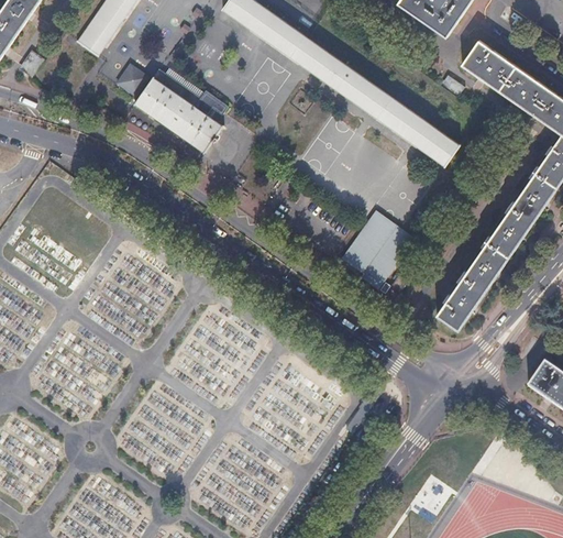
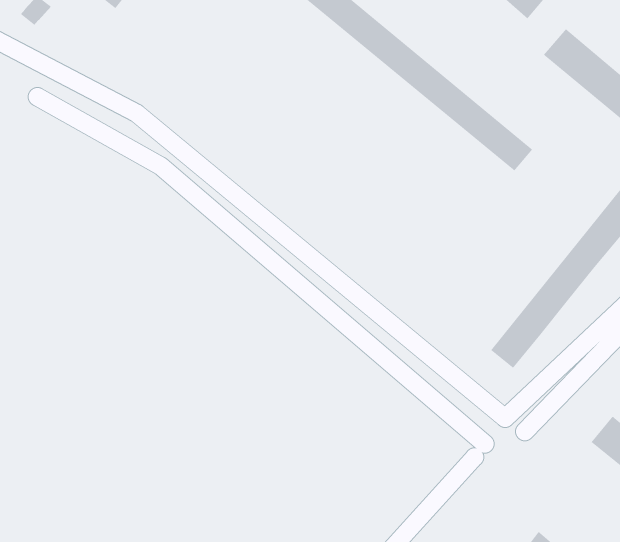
building: [115,62,224,152] -> none
building: [333,210,420,300] -> none

